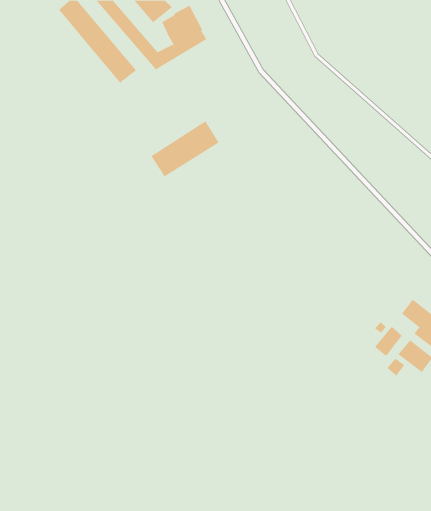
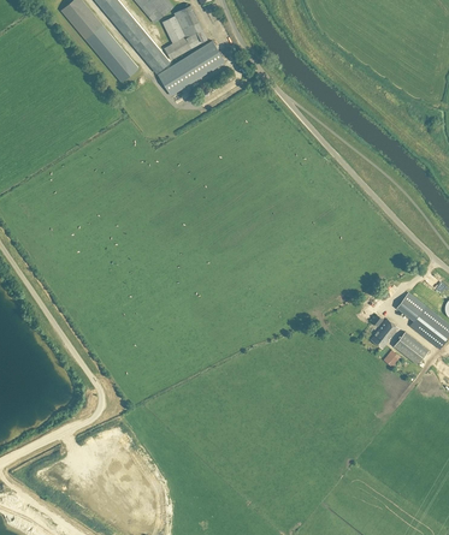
building: [151,120,219,177] -> [158,40,225,95]

